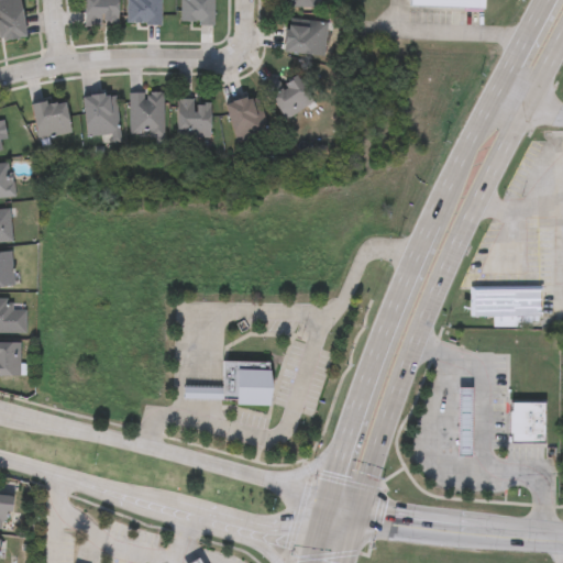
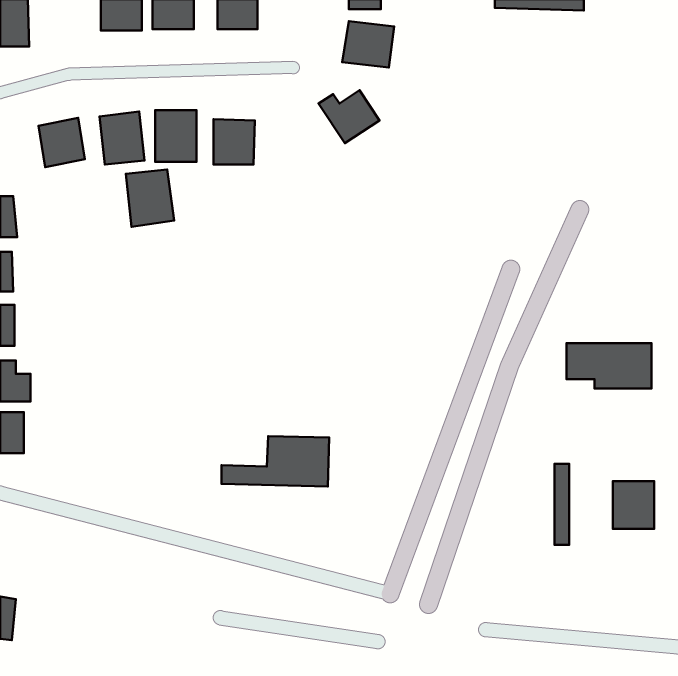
building: [229,98,261,134] -> none
building: none -> [126,169,174,227]

